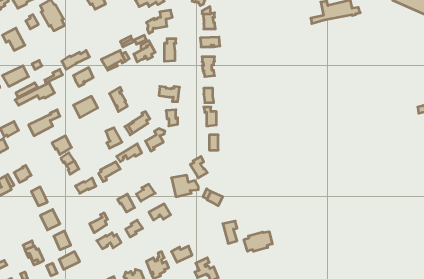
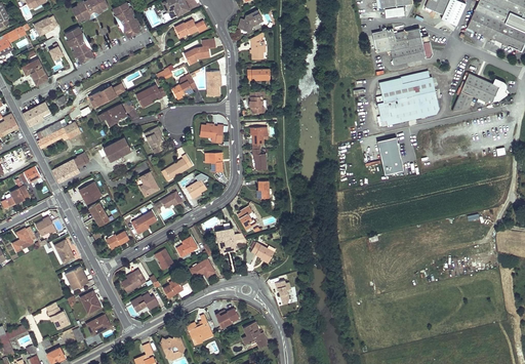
building: none -> [390,42,433,66]
building: none -> [376,72,439,126]
building: none -> [451,73,498,111]
building: none -> [363,137,403,174]
building: [244,232,272,251] -> none

